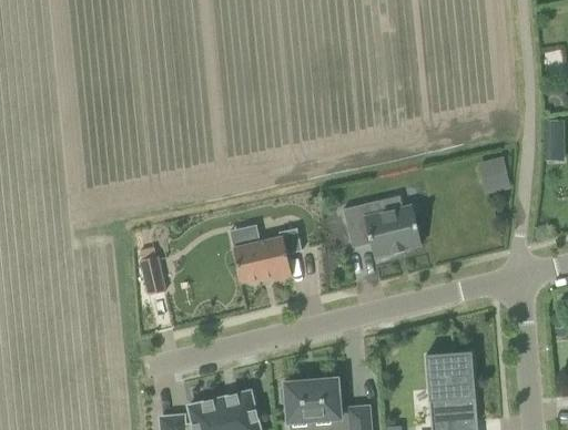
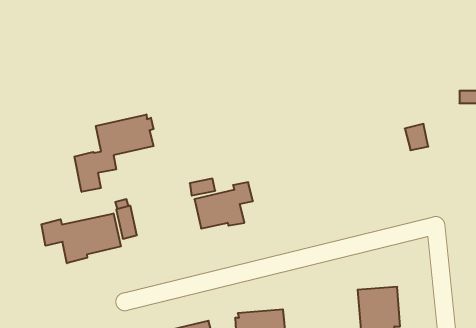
building: none -> [74,114,154,192]
building: [343,201,422,256] -> none
building: none -> [41,213,121,263]

